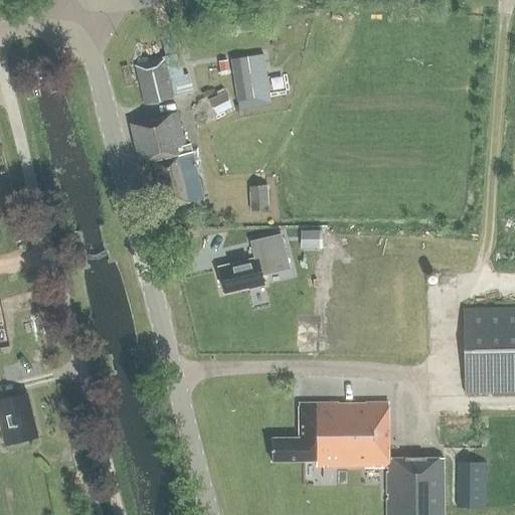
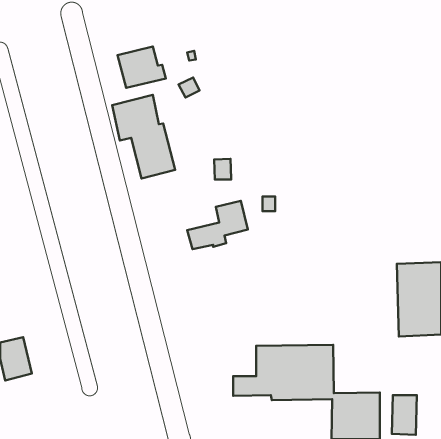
building: [231,53,269,107] -> none

